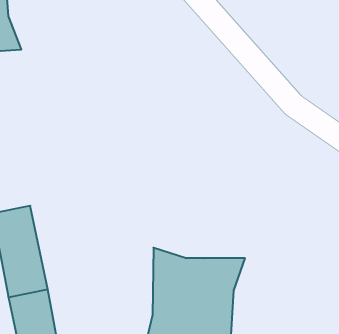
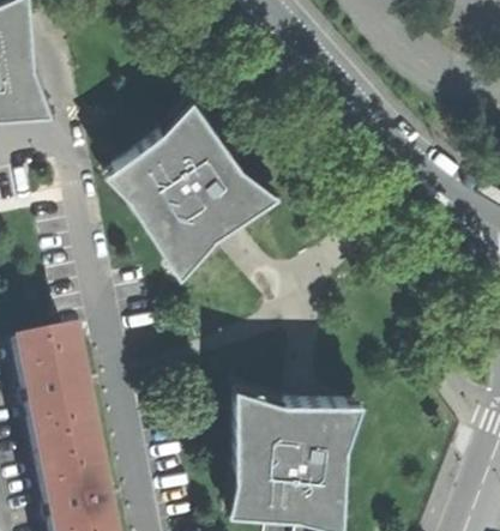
building: none -> [107,103,281,279]

